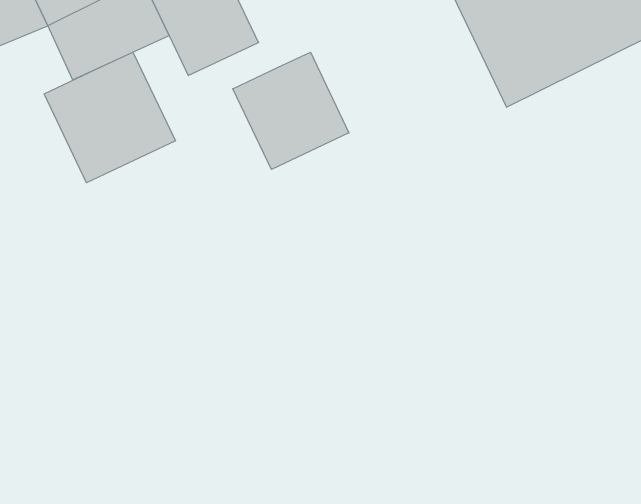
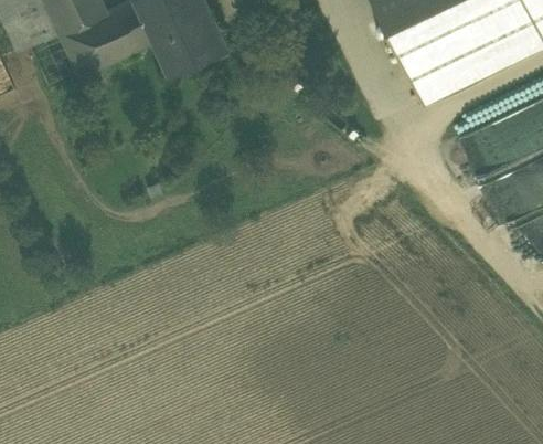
building: [44,52,175,183] -> none
building: [233,52,349,169] -> none

